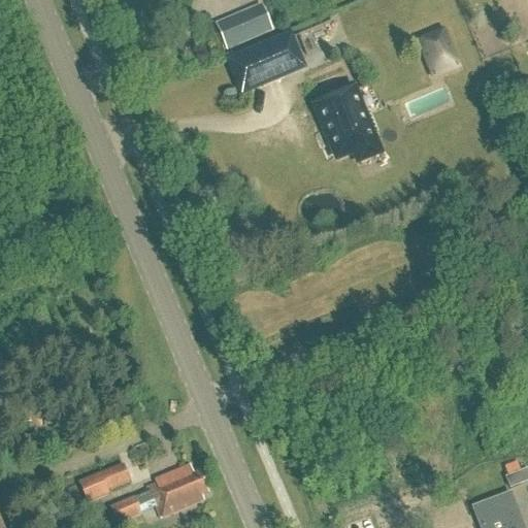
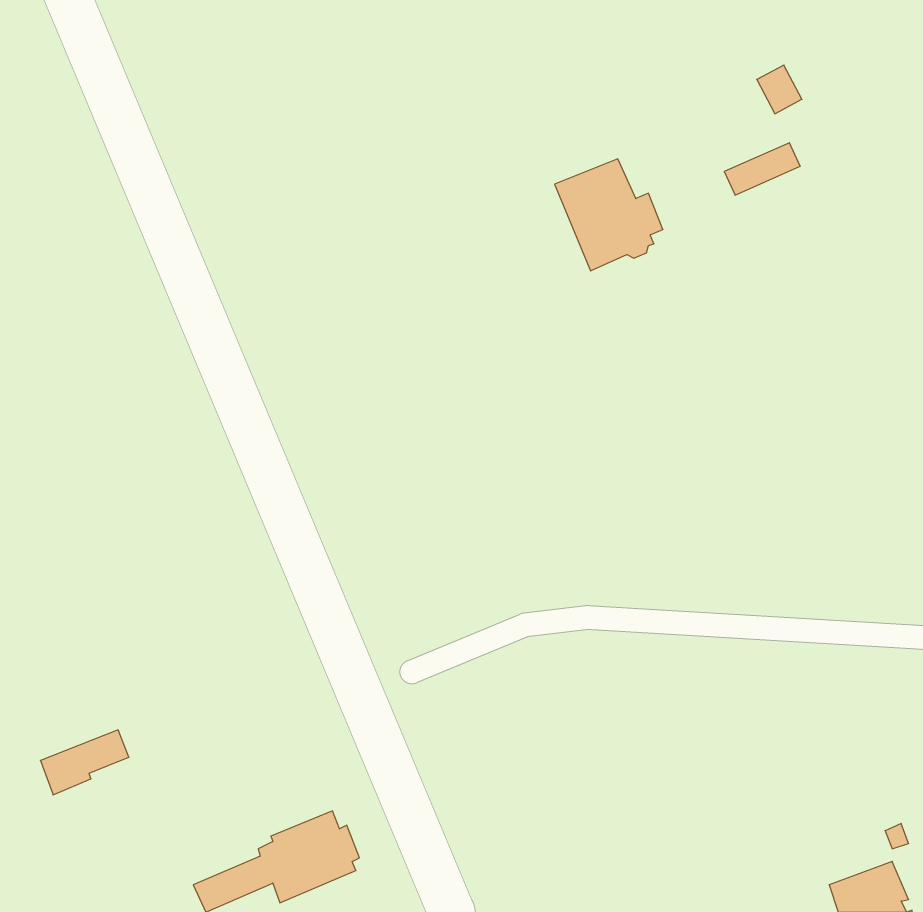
building: [217,5,272,47] -> none
building: [232,38,295,88] -> none
building: [79,463,130,500] -> [40,730,129,795]

